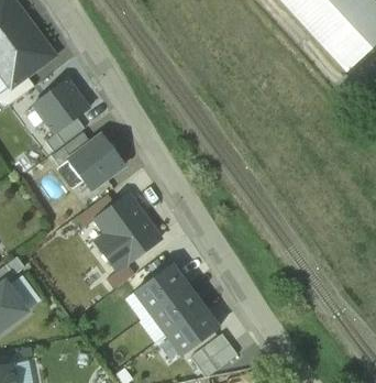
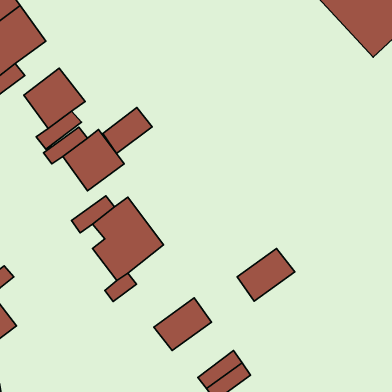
building: none -> [103,107,152,154]
building: [135,264,187,311] -> none
building: [167,307,219,354] -> [237,249,295,301]

